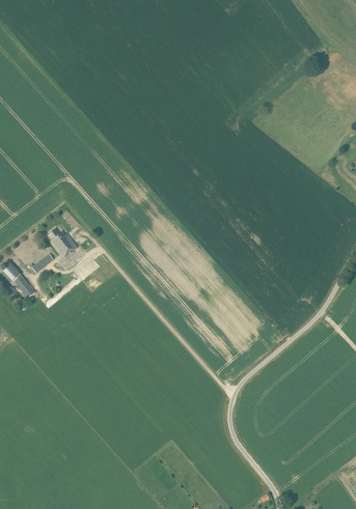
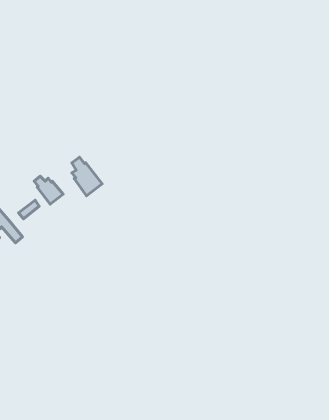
building: none -> [72,157,102,196]

